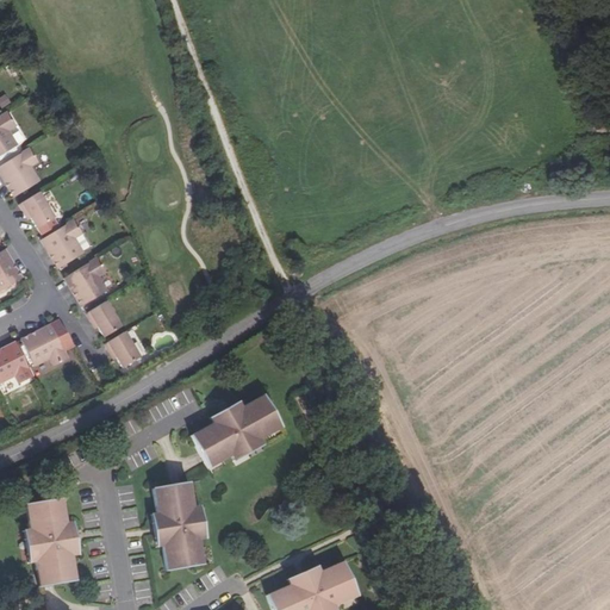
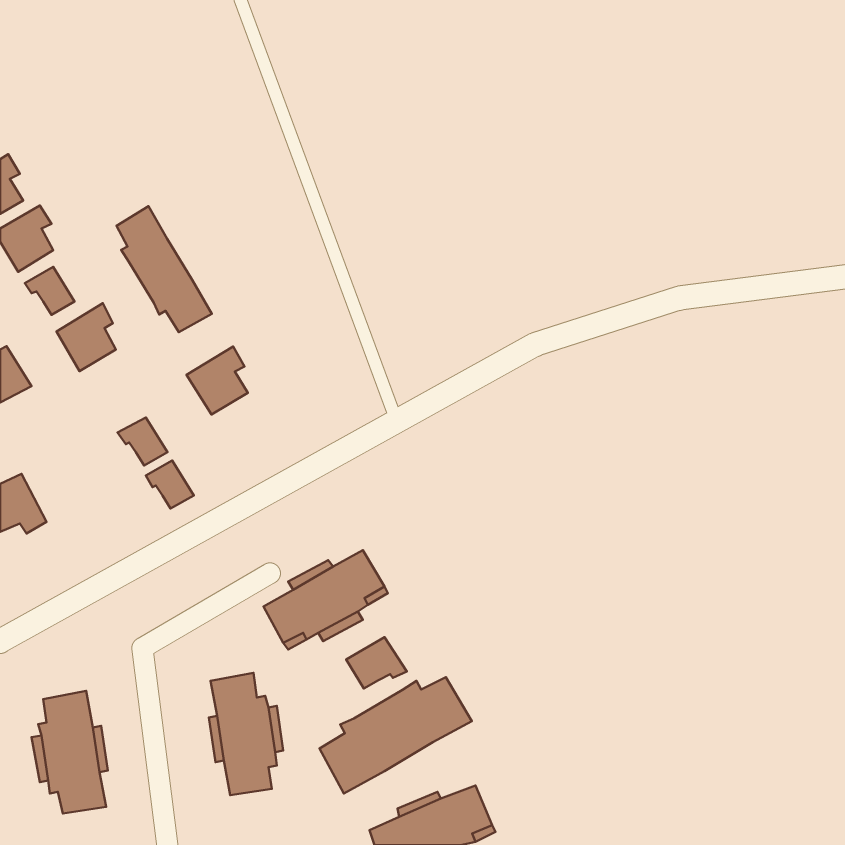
building: none -> [117,206,212,332]
building: [64,256,108,305] -> [187,347,248,414]
building: [21,323,69,366] -> none
building: none -> [346,637,407,688]
building: none -> [320,677,472,794]

